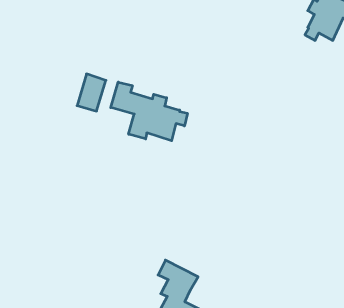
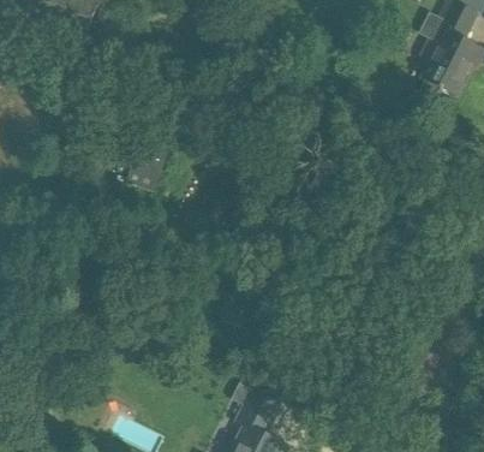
building: [111,82,187,141] -> none

